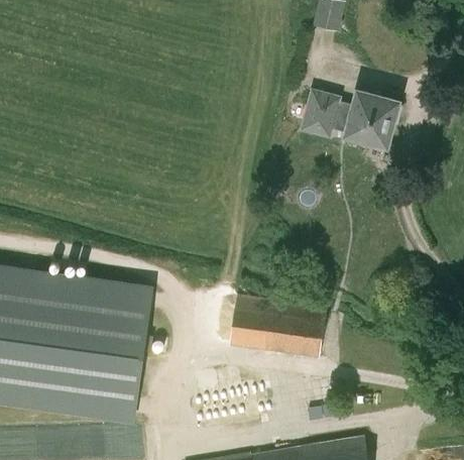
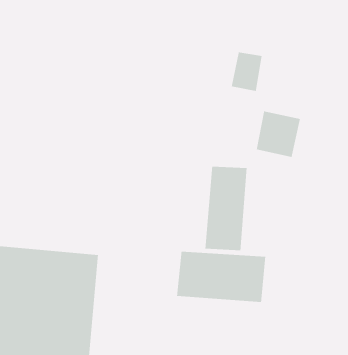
building: [348,93,397,144] -> [256,111,301,158]
building: none -> [204,166,247,251]

